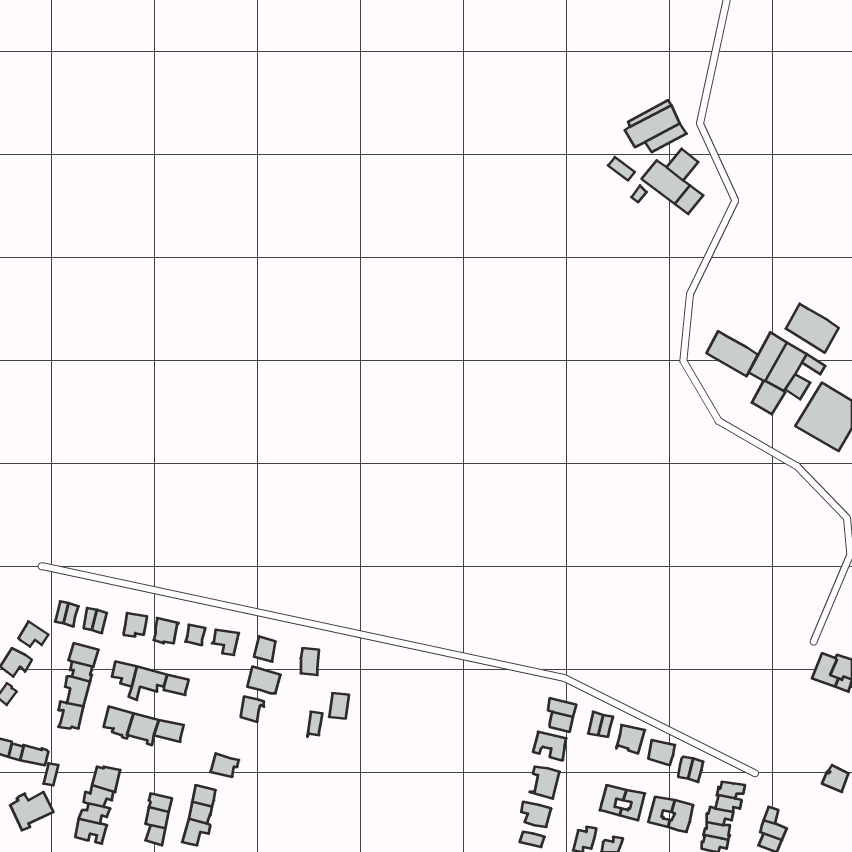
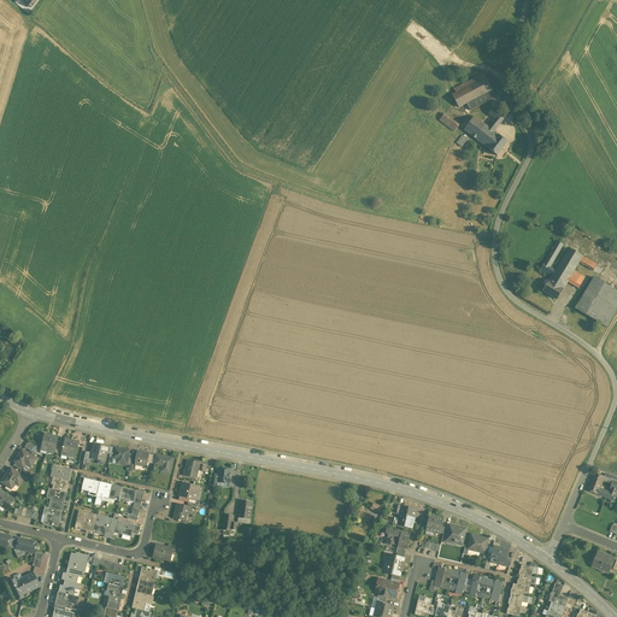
building: [786,304,839,353] -> none
building: [707,331,758,376] -> none

